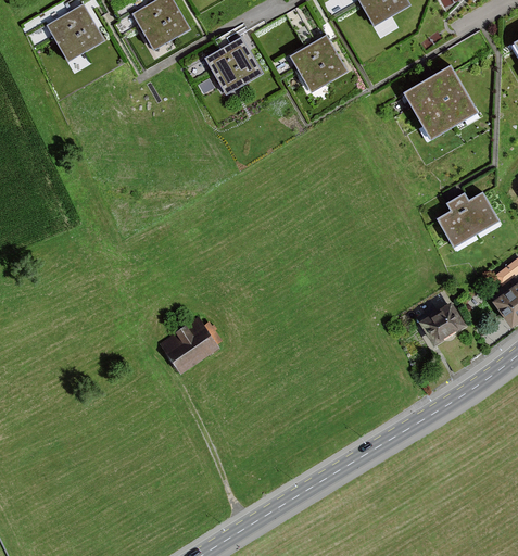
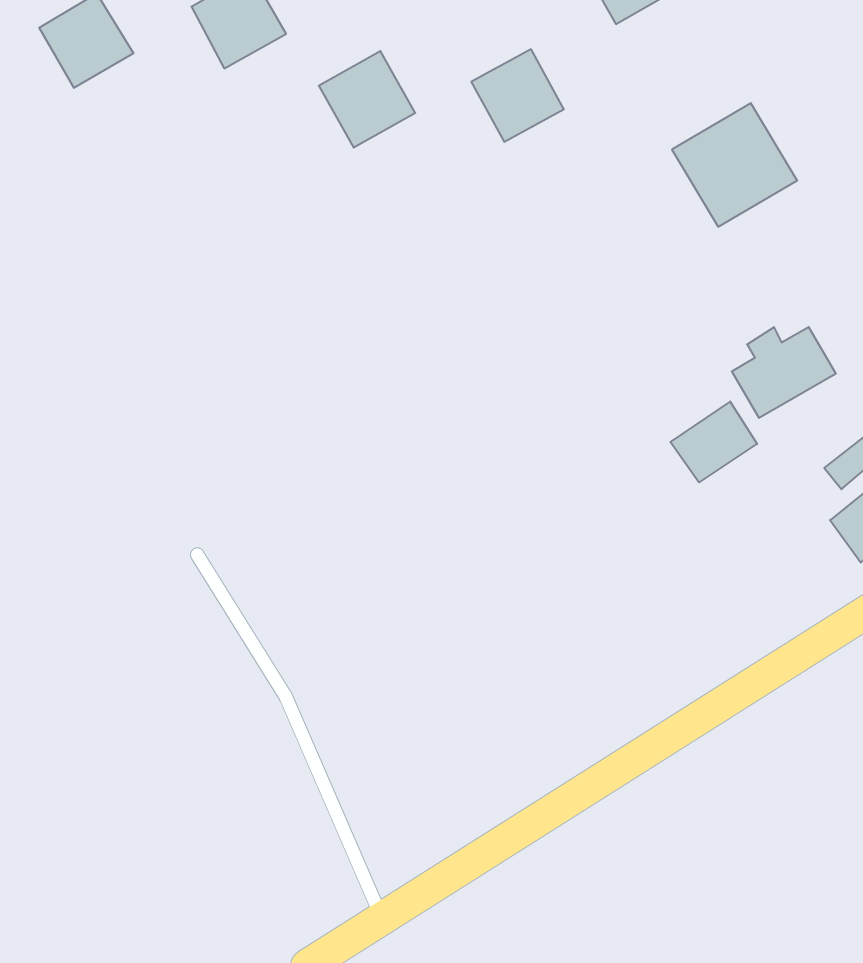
building: [415,299,464,344] -> [670,401,757,482]
building: [157,316,218,375] -> none

